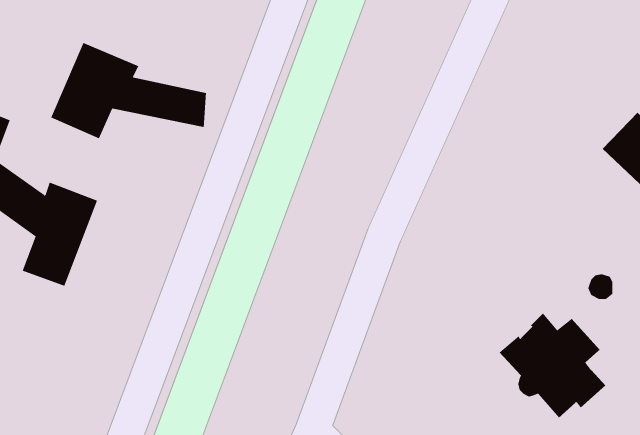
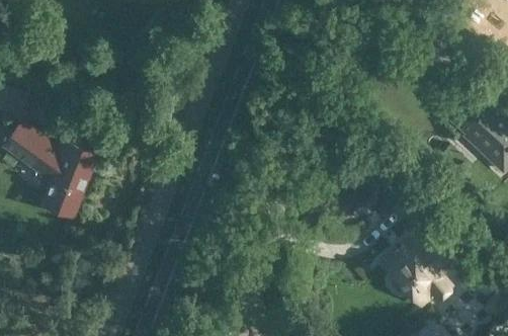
building: [50,42,207,139] -> none

